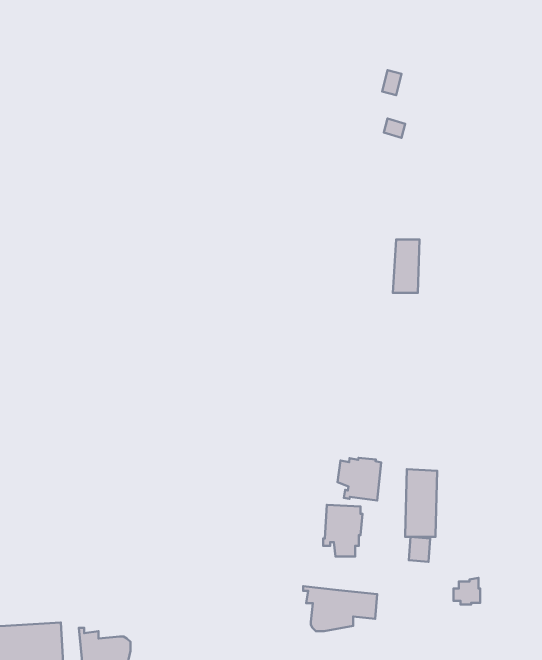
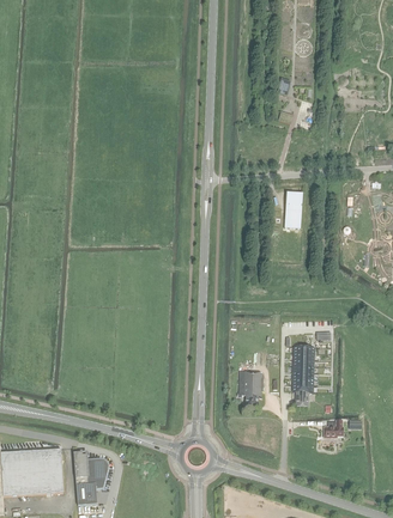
building: [337,458,381,500] -> none
building: [303,586,377,631] -> none

